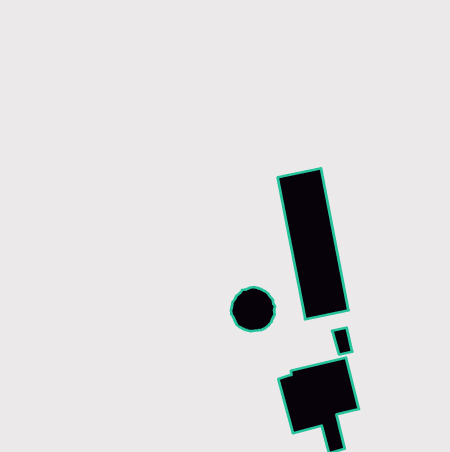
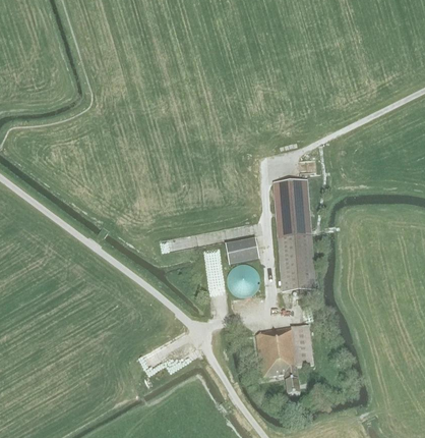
building: none -> [225,238,258,264]

